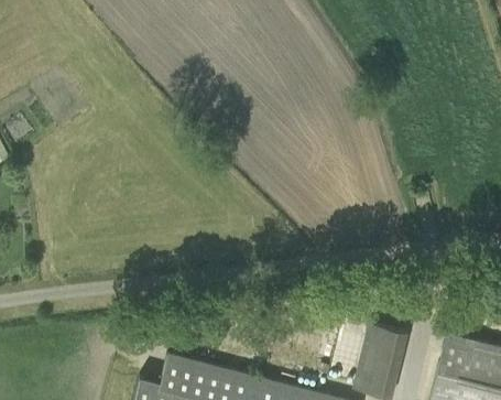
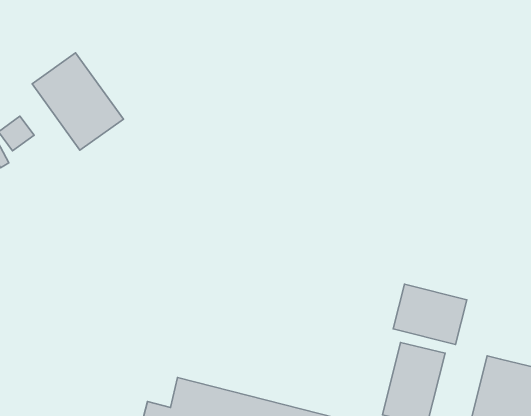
building: none -> [32,53,124,150]
building: none -> [393,284,467,344]

